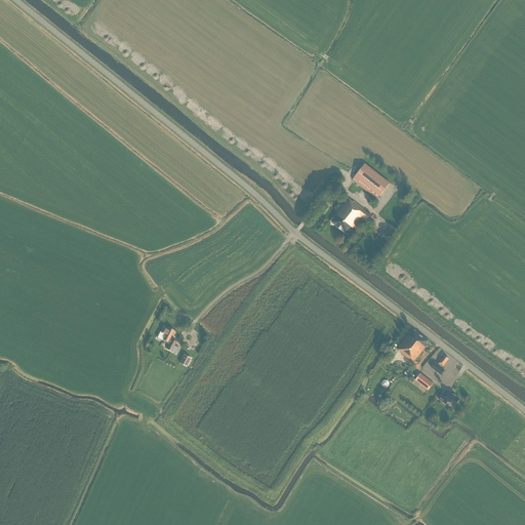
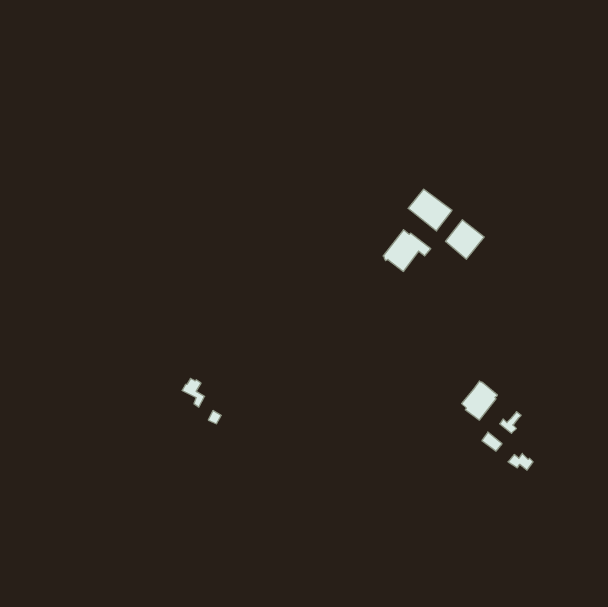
building: none -> [446,220,484,259]

